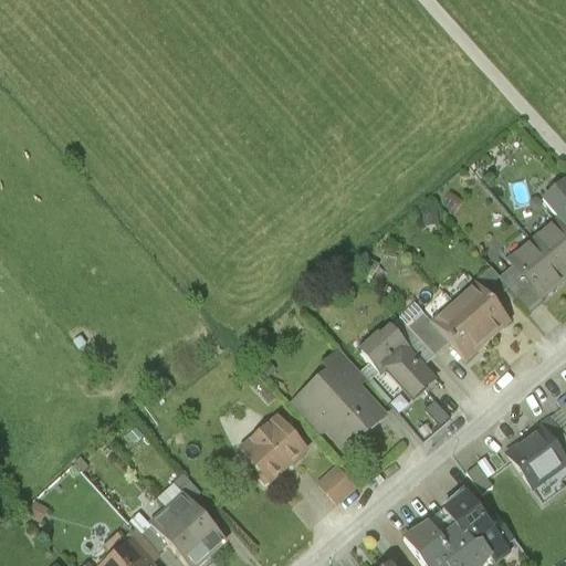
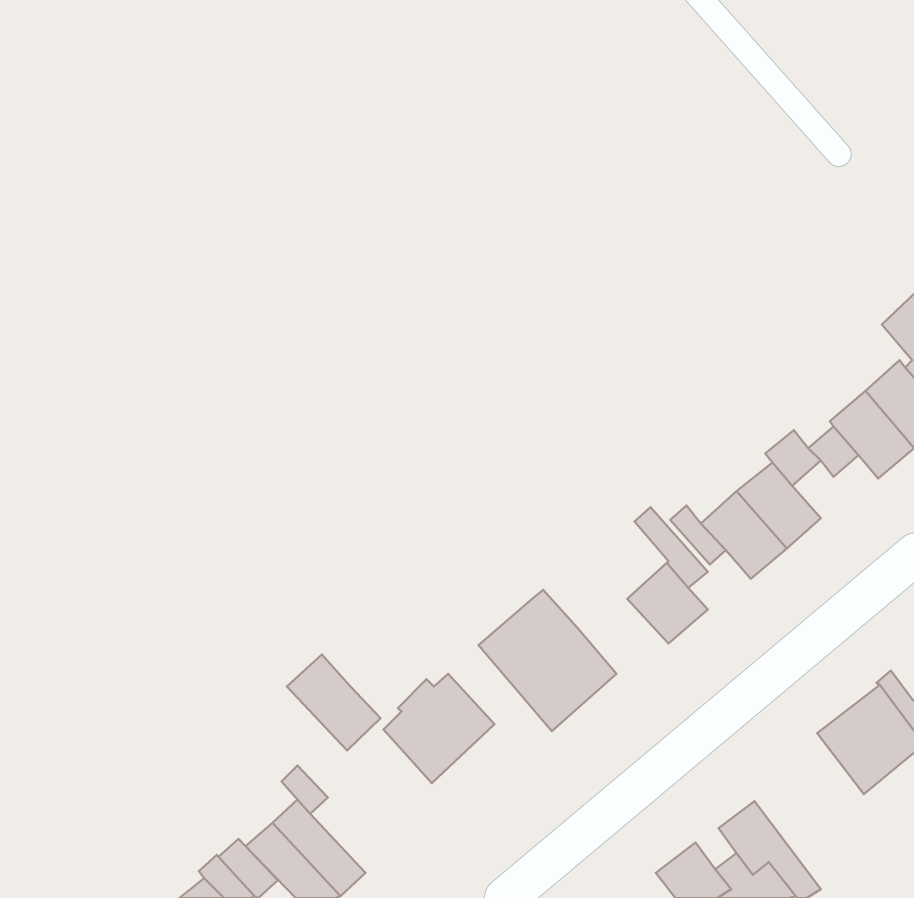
building: [359,321,413,374] -> none
building: [323,347,366,387] -> none
building: none -> [287,654,381,751]
building: [317,463,355,502] -> none

